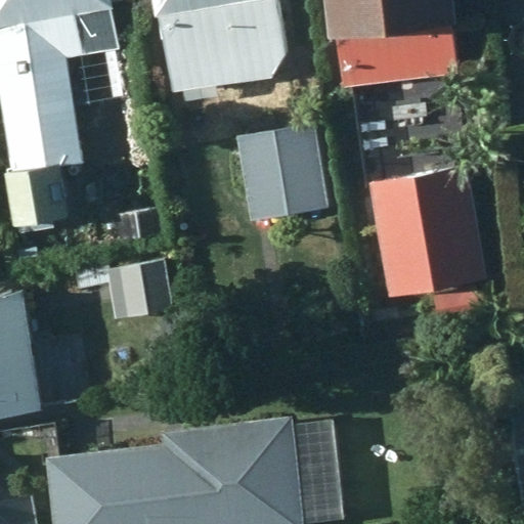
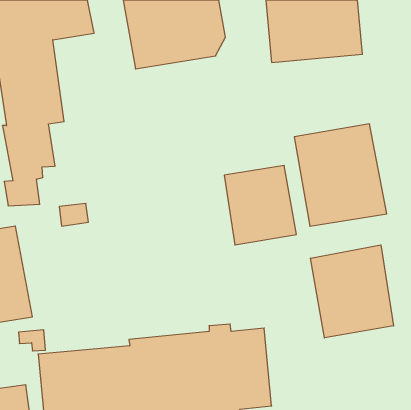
building: [236,122,328,222] -> [224,166,296,245]
building: none -> [311,245,394,338]

